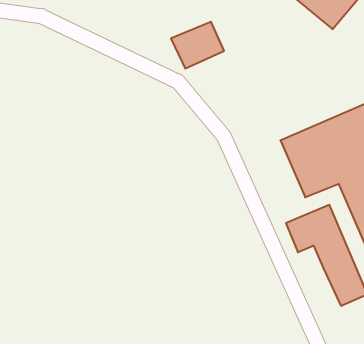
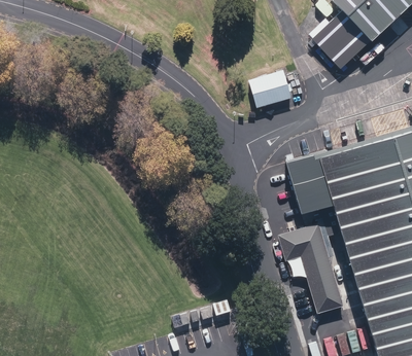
building: [171,22,224,68] -> [248,70,294,108]

